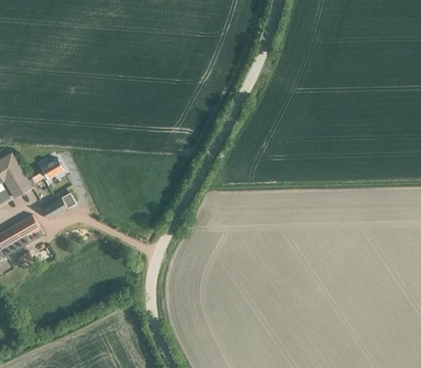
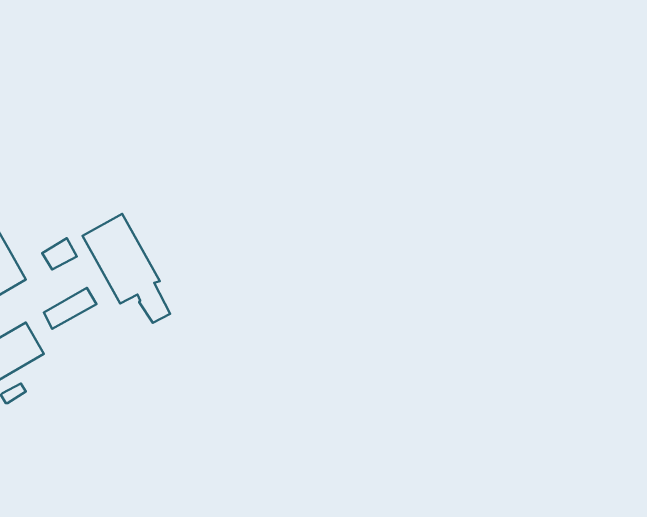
building: none -> [83,214,170,323]

